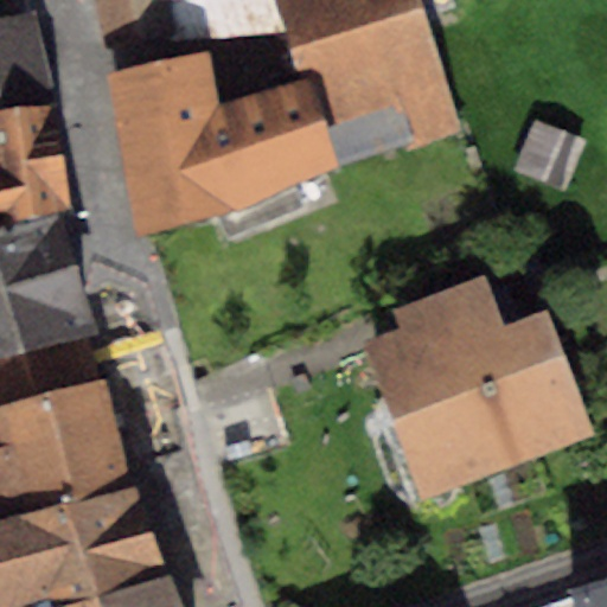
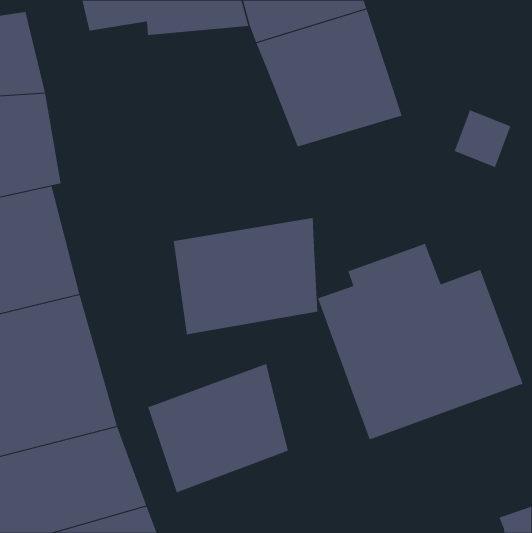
building: [107,51,338,228] -> none
building: none -> [173,217,318,335]
building: none -> [147,363,288,493]

